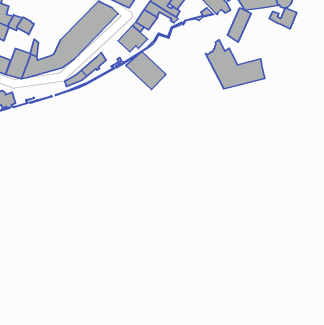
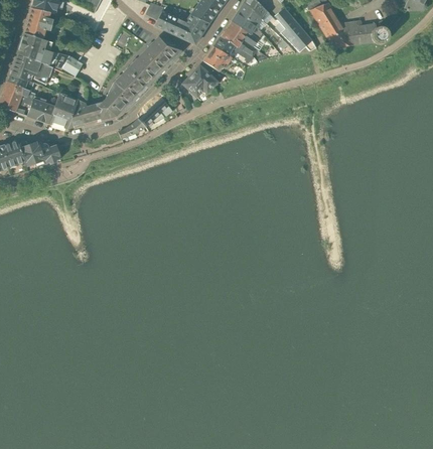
building: [269,8,297,29] -> none
building: [227,8,251,42] -> none
building: [205,40,265,89] -> none
building: [126,52,166,89] -> none

